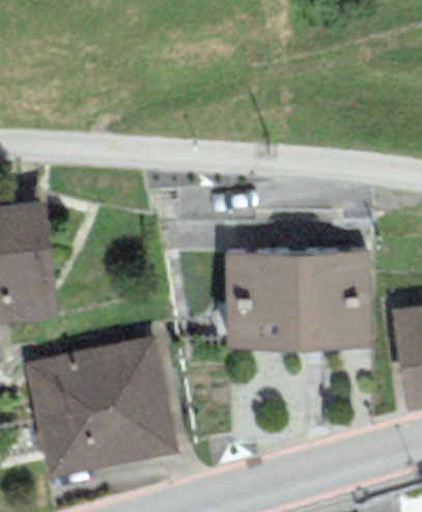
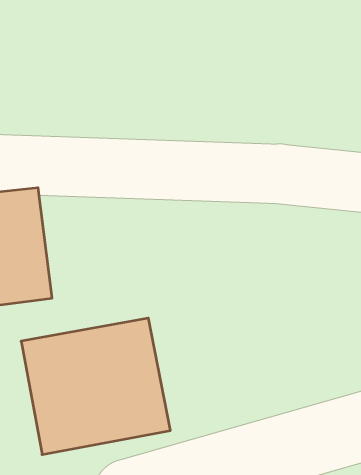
building: [227,250,369,349] -> none

